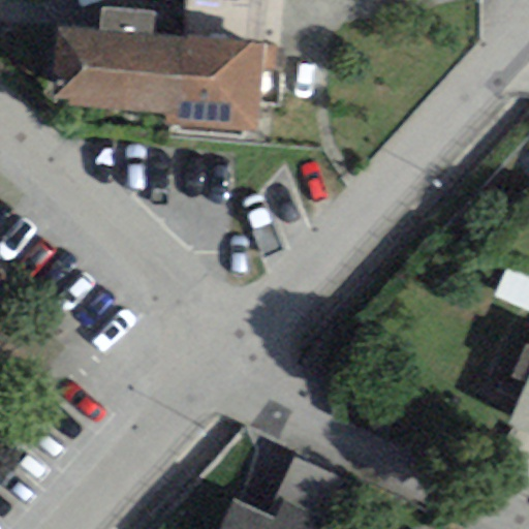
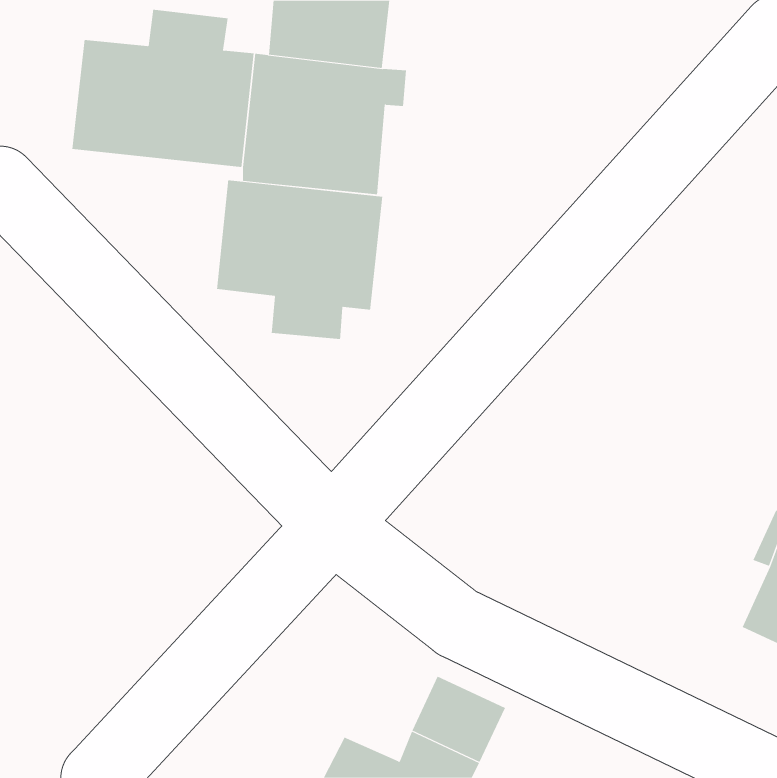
building: none -> [216,180,383,340]

